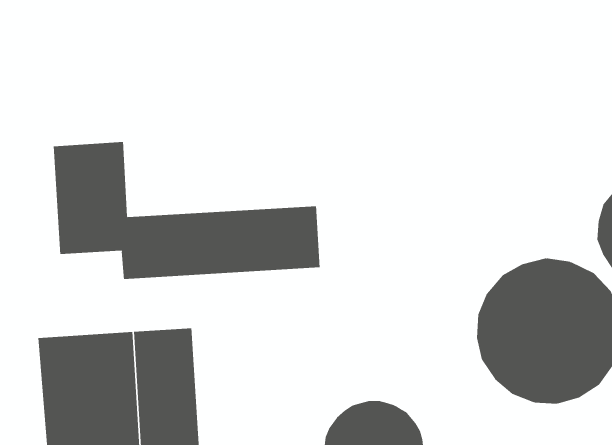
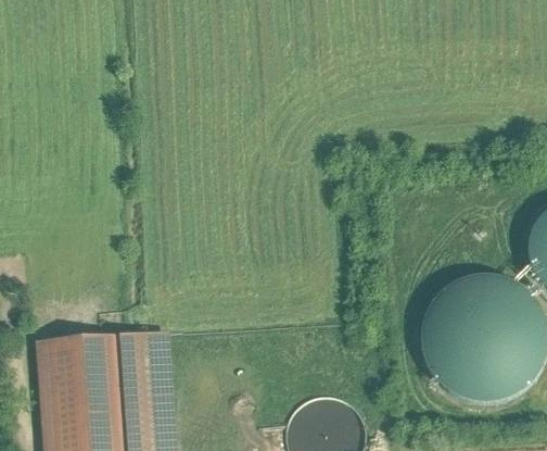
building: [53,141,320,280] -> none

